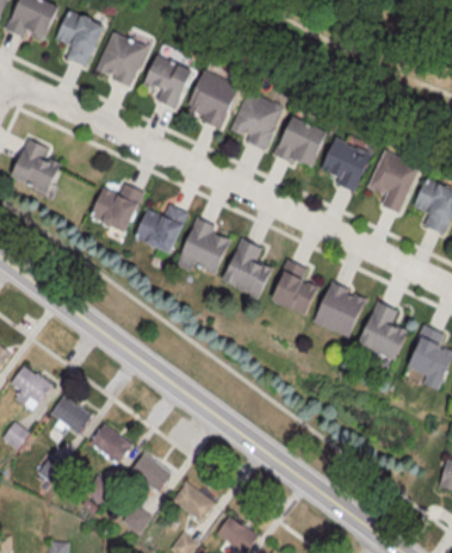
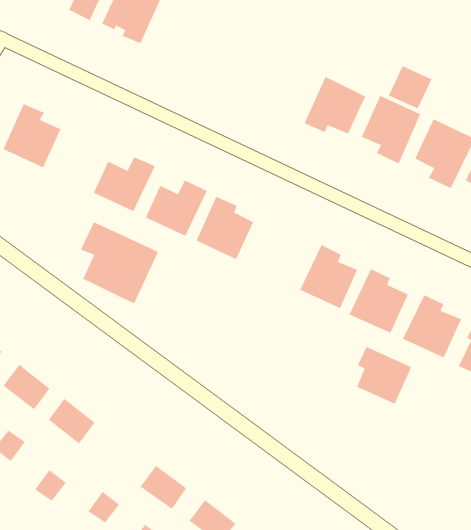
building: [144,54,194,107] -> none
building: [187,69,240,129] -> none
building: [231,89,284,149] -> none
building: none -> [388,65,433,109]
building: none -> [80,221,159,305]
building: [222,241,273,297] -> none
building: none -> [356,346,412,405]
building: [89,424,131,464] -> none

